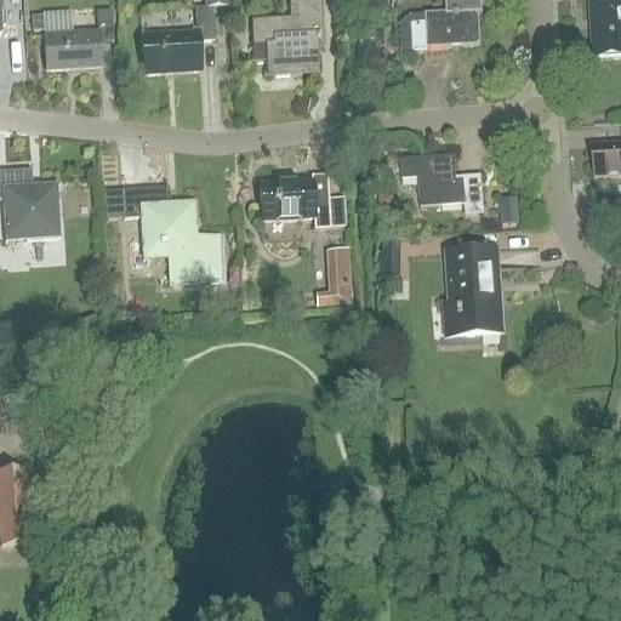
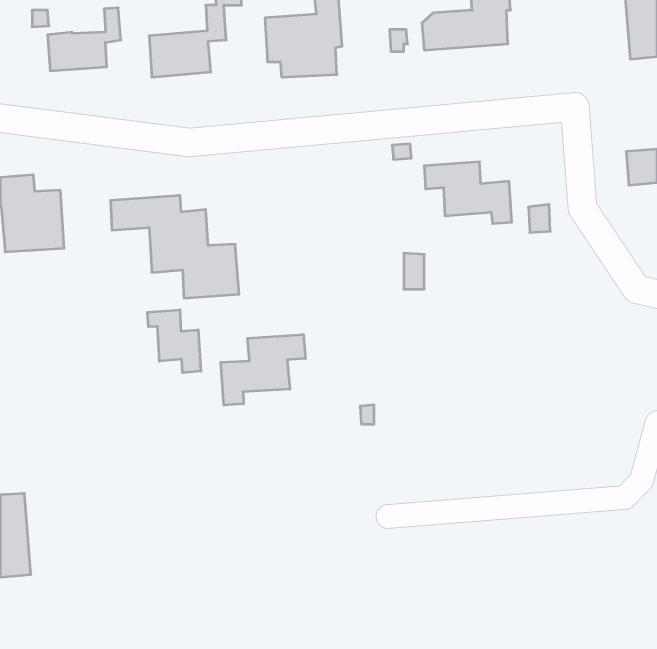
building: [258,170,344,226] -> none
building: [319,243,354,300] -> none
building: [446,247,501,334] -> none
building: none -> [147,310,201,373]
building: none -> [221,334,305,405]

